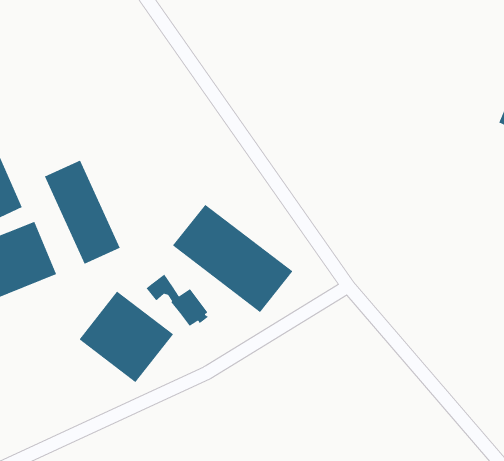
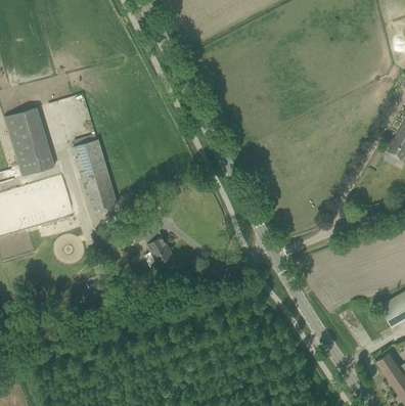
building: [172,204,294,313] -> none
building: [78,290,174,383] -> none

